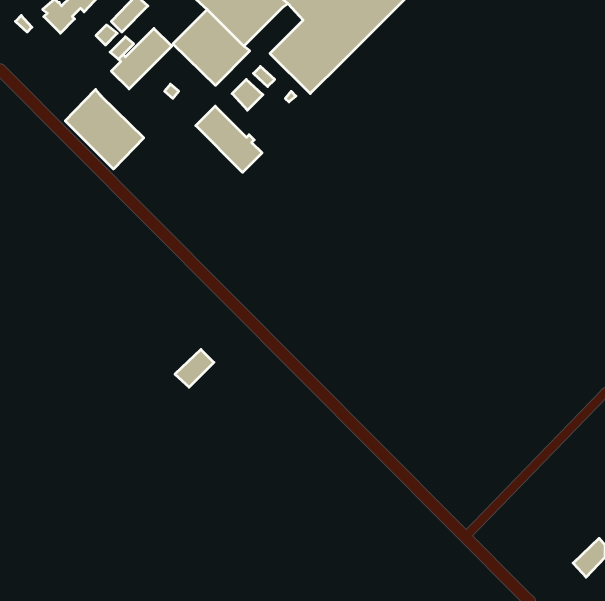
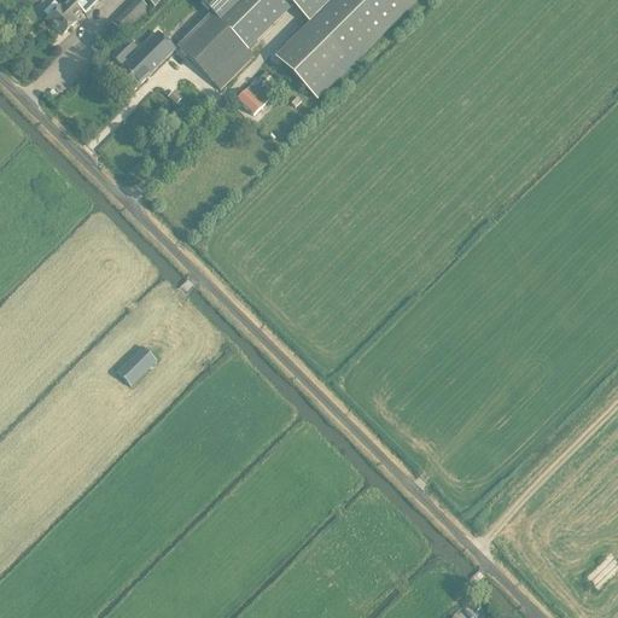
building: [65,89,144,169] -> none
building: [196,106,262,172] -> none
building: [175,349,214,387] -> [116,344,156,383]

